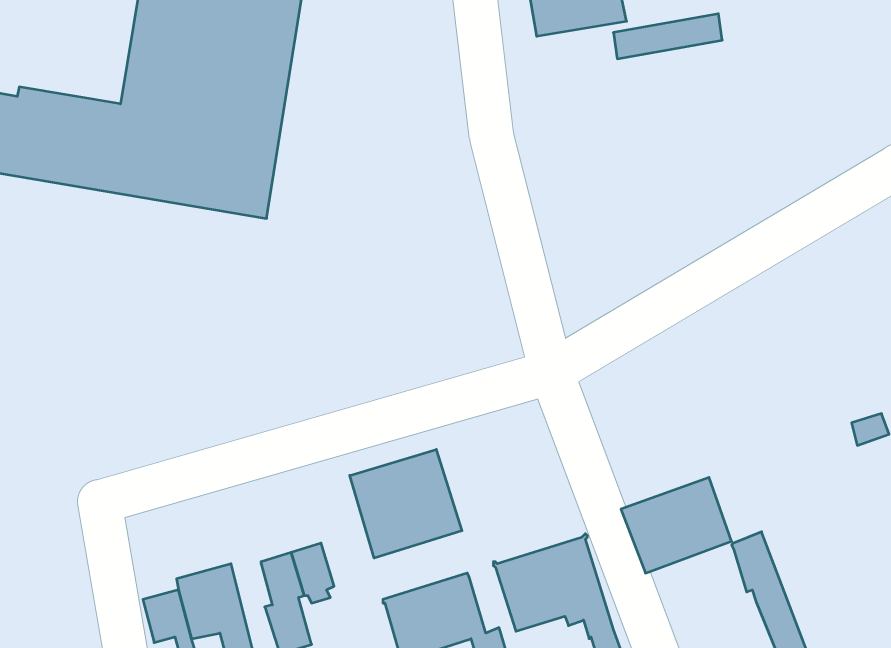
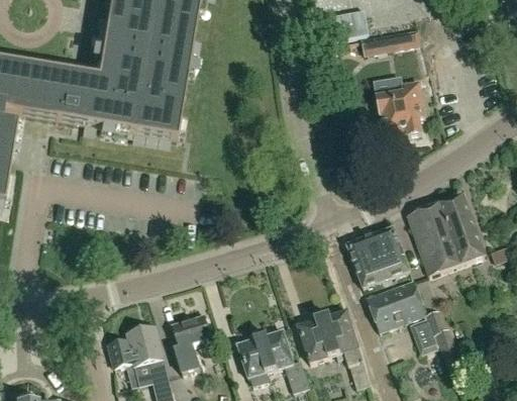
building: none -> [375,79,425,133]
building: none -> [407,194,484,274]
building: none -> [346,225,409,286]
building: [350,449,462,558] -> none
building: none -> [410,316,438,352]

